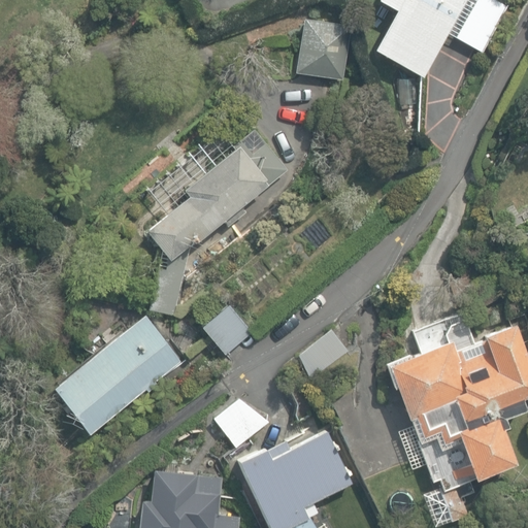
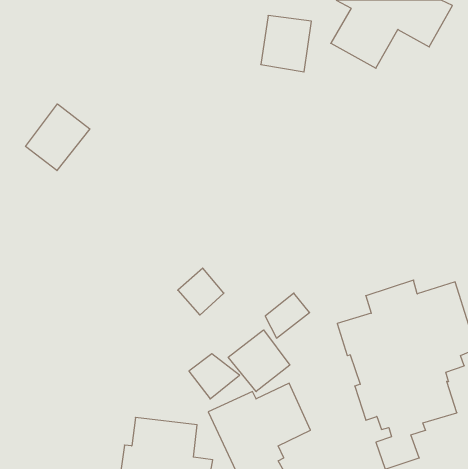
building: none -> [26,104,90,171]
building: [146,129,289,317] -> none
building: [54,316,182,434] -> none
building: none -> [228,330,290,392]

